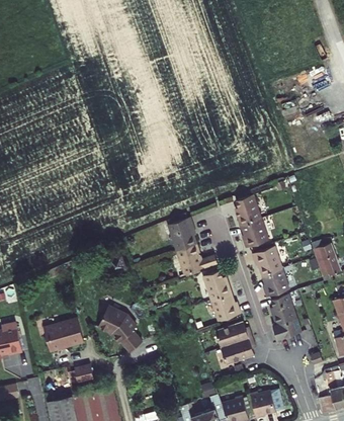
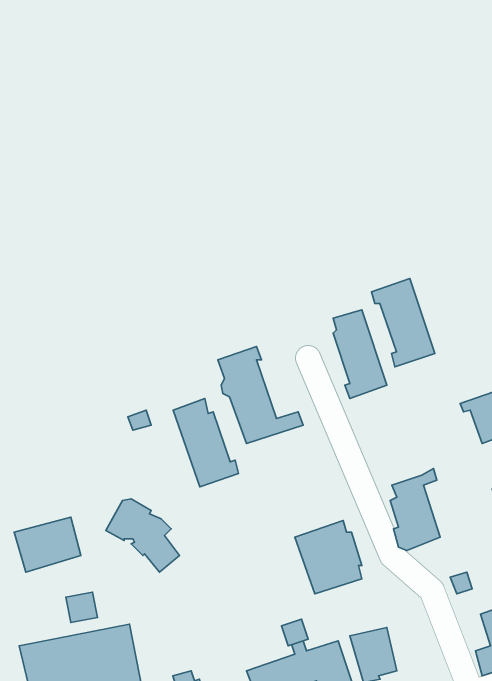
building: [252,244,290,298] -> [371,278,435,367]
building: [200,268,240,322] -> [173,398,238,487]

